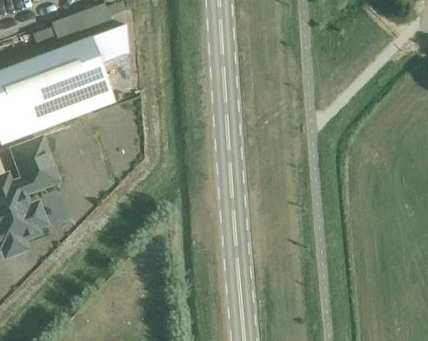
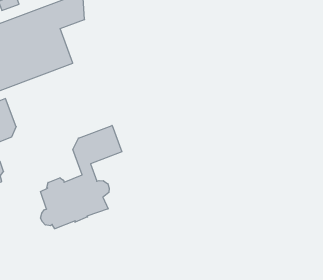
building: none -> [41,125,122,229]

